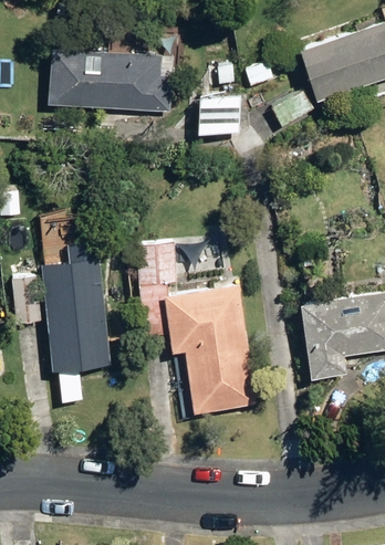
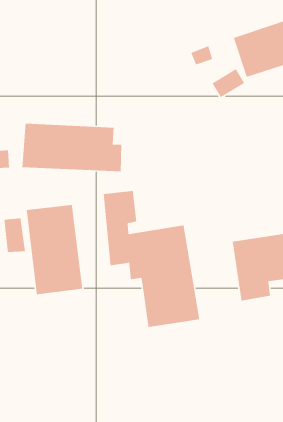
building: [46,49,173,111] -> [21,123,122,172]
building: [195,94,241,135] -> none

